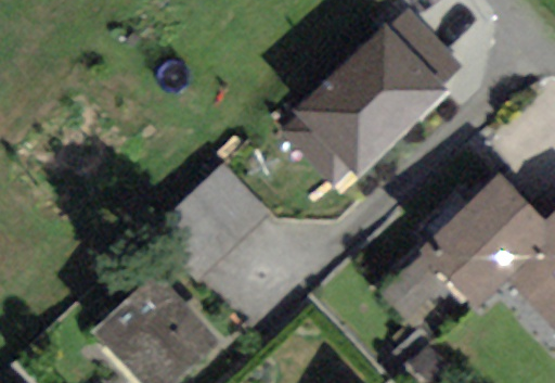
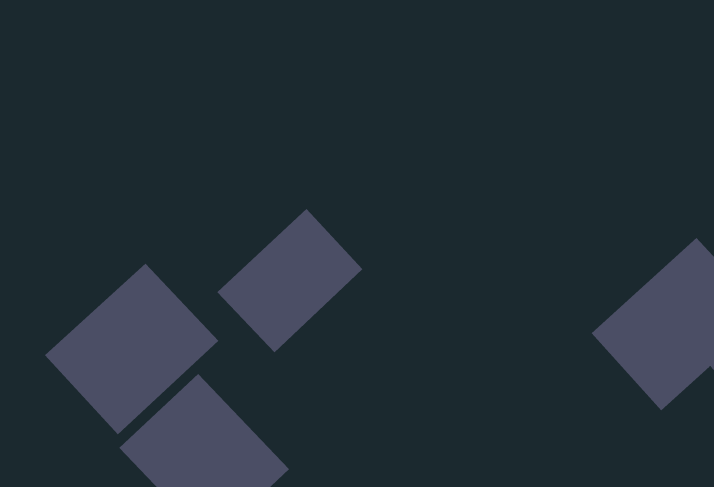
building: [293,24,442,170] -> none
building: none -> [44,263,219,435]

